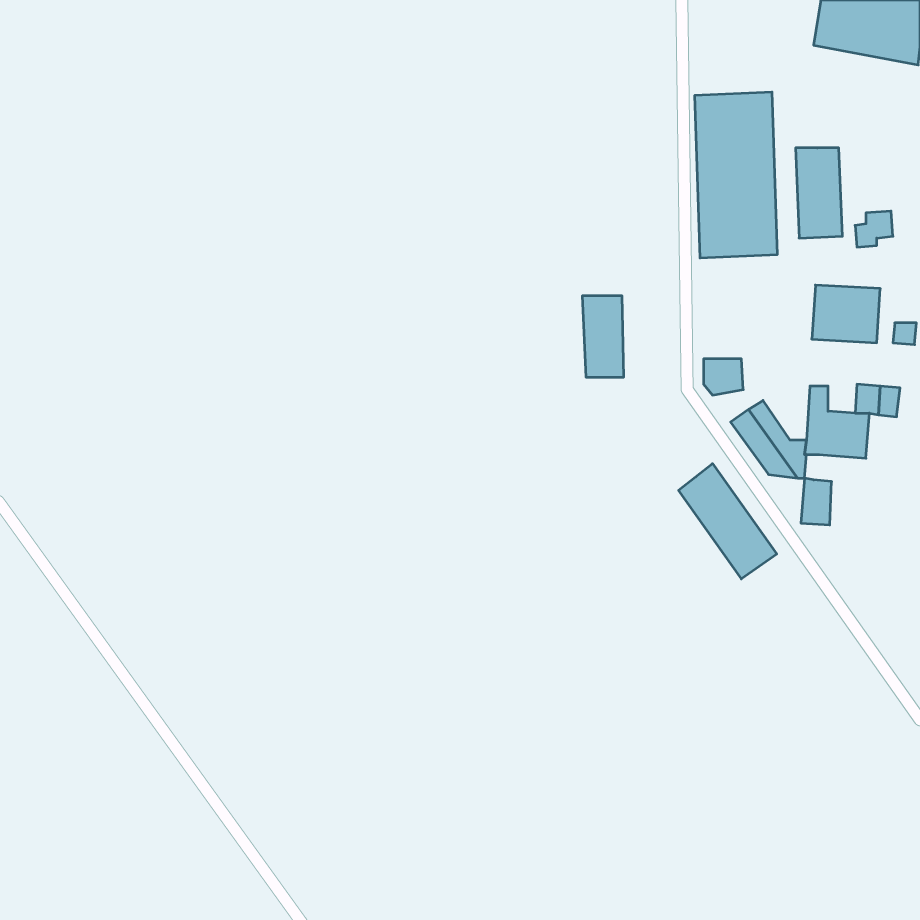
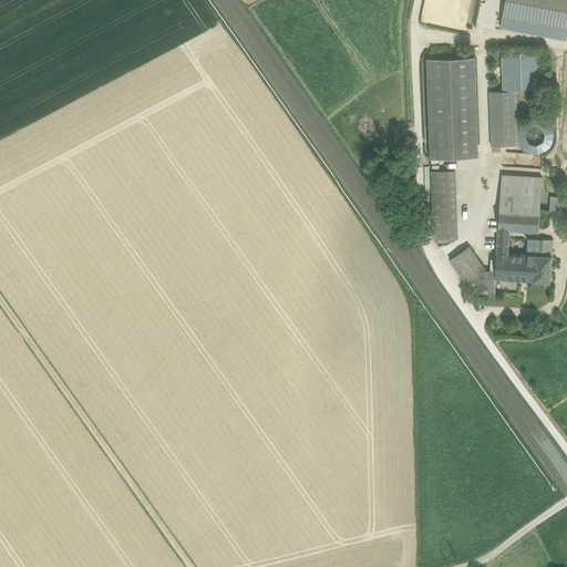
building: none -> [501,54,539,92]
building: [582,296,624,377] -> [430,172,455,221]
building: none -> [497,209,538,233]
building: [679,464,777,579] -> none
building: [801,478,832,525] -> [532,255,550,284]

